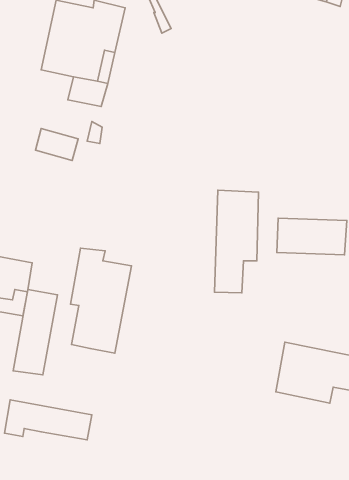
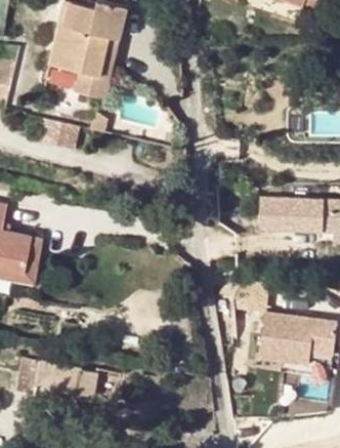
building: [214,190,258,293] -> none
building: [71,248,131,353] -> none
building: [13,289,58,375] -> none

